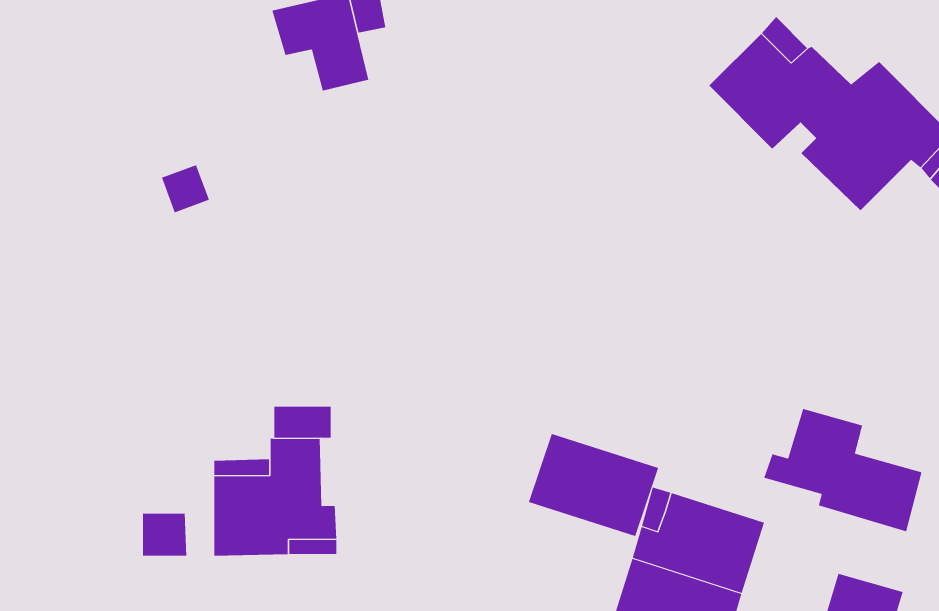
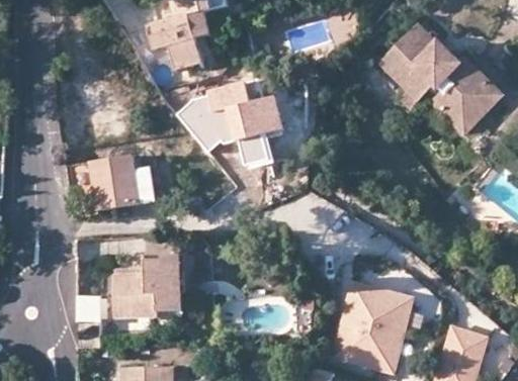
building: none -> [175,80,284,164]
building: none -> [93,158,158,211]
building: [763,408,922,532] -> none
building: [528,433,659,537] -> none

